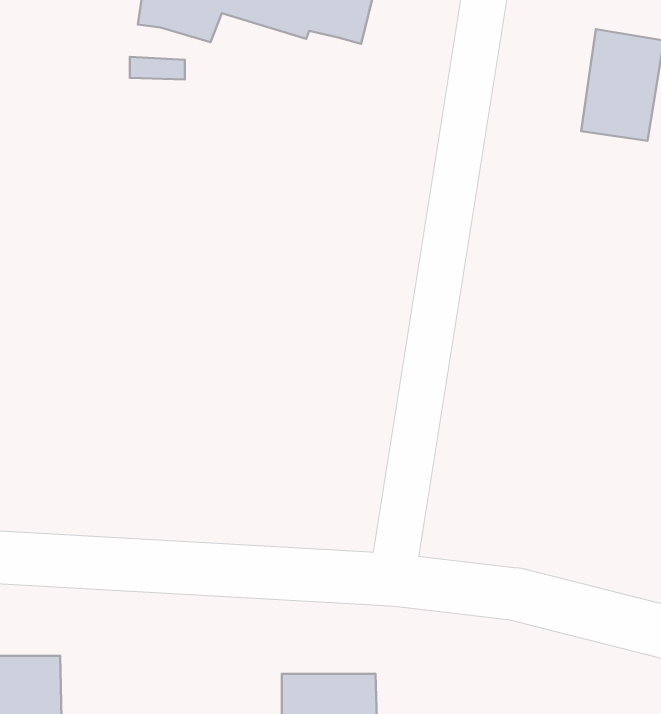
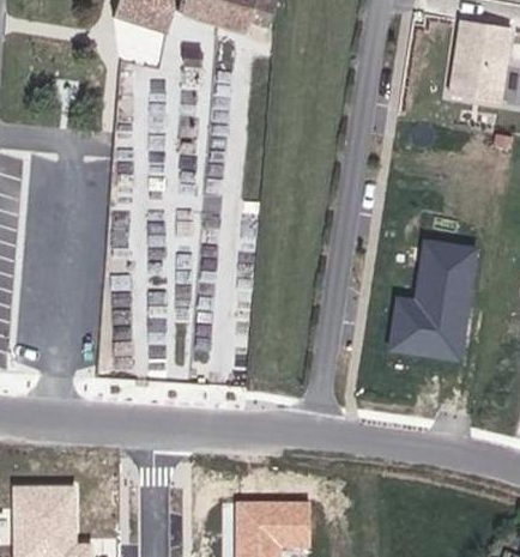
building: none -> [393,242,476,357]

